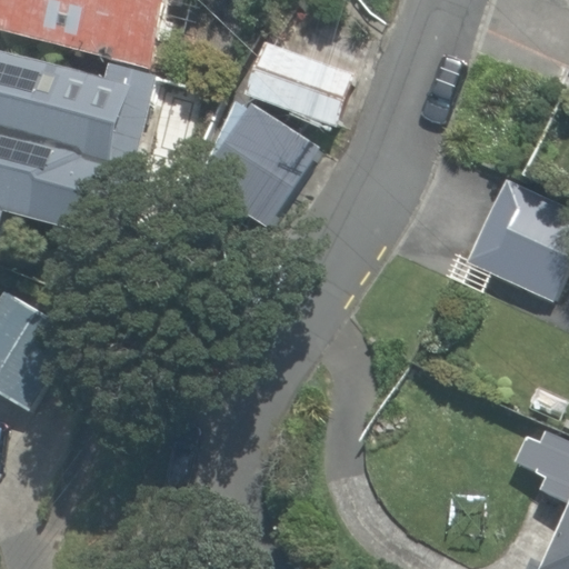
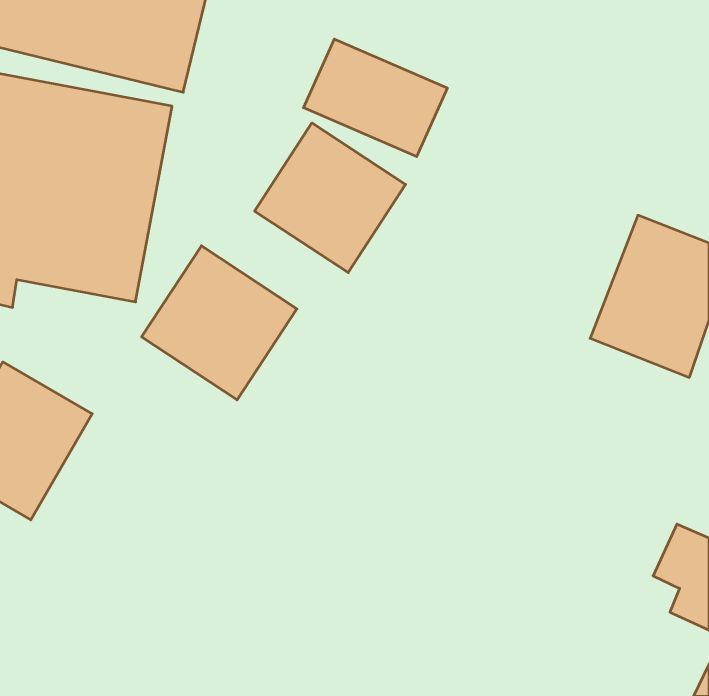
building: none -> [142,246,297,400]

